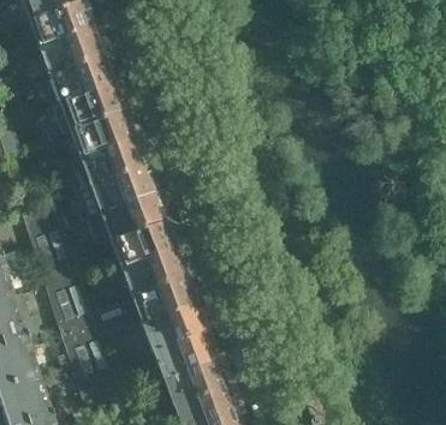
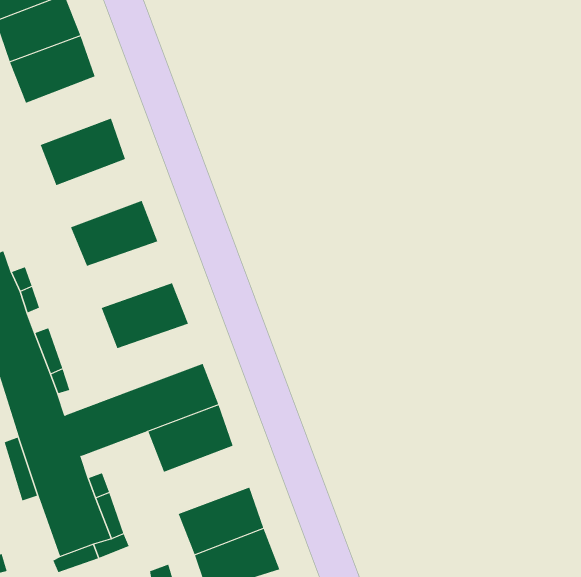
building: [64,82,121,127] -> none
building: [84,137,142,182] -> none
building: [105,192,162,237] -> none
building: [125,247,183,292] -> none
building: [156,329,214,375] -> none

